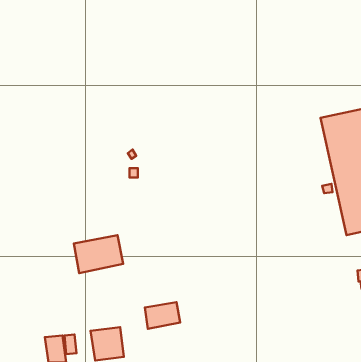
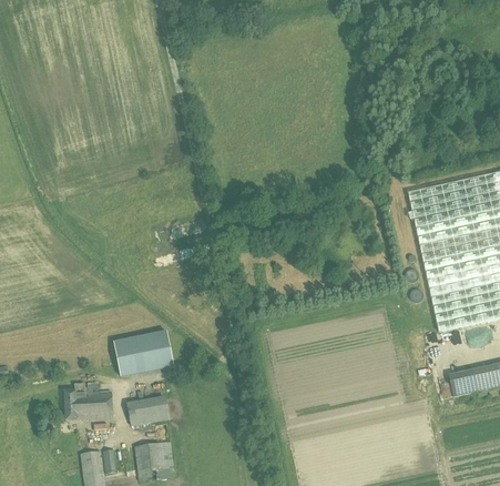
building: none -> [64,383,113,419]
building: [145,302,180,329] -> [127,394,170,426]

